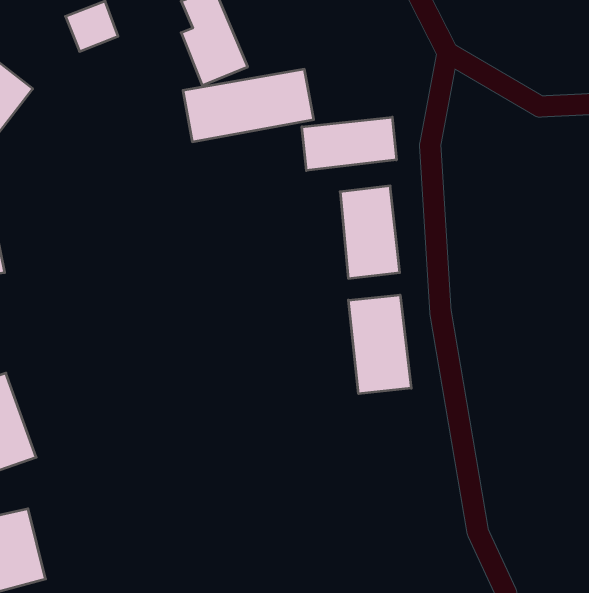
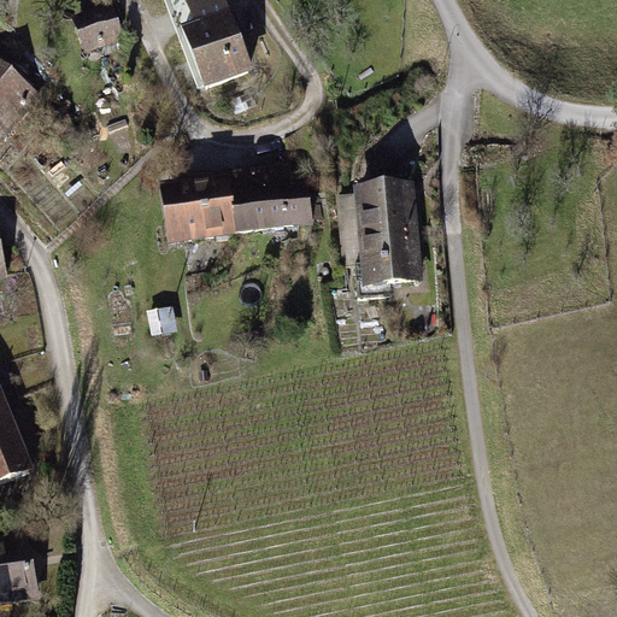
building: [183,69,314,142] -> [154,171,289,246]
building: [302,117,396,171] -> none
building: [348,295,411,394] -> none

